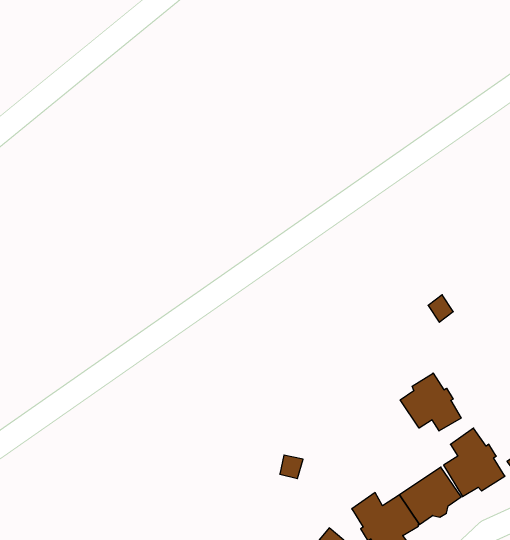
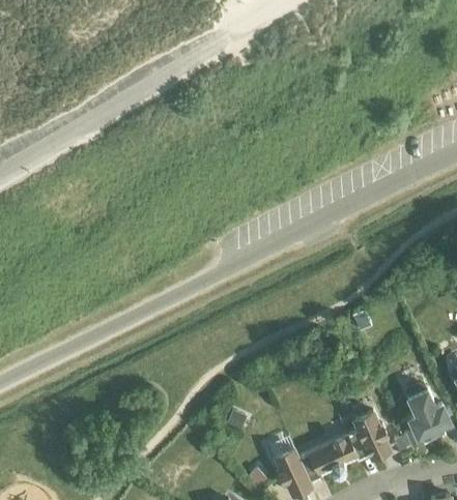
building: [400,373,461,431] -> none

